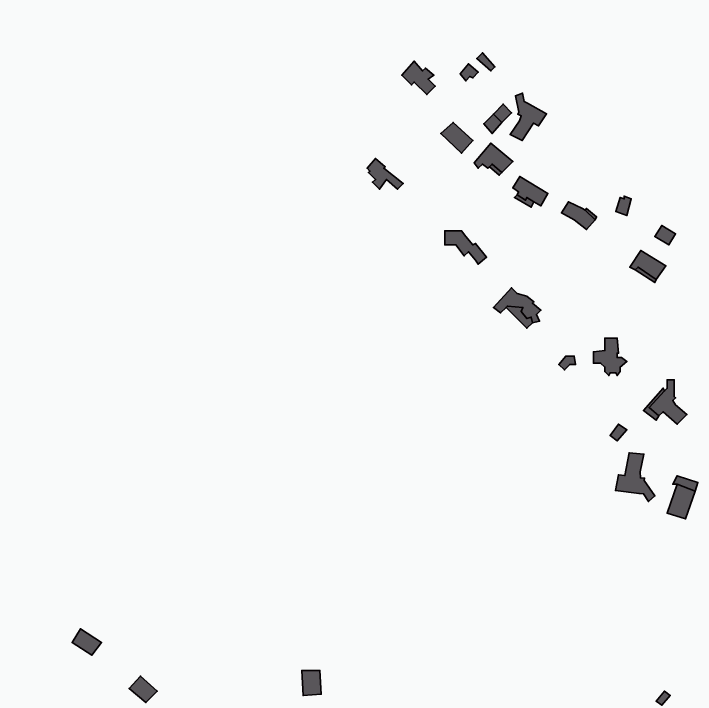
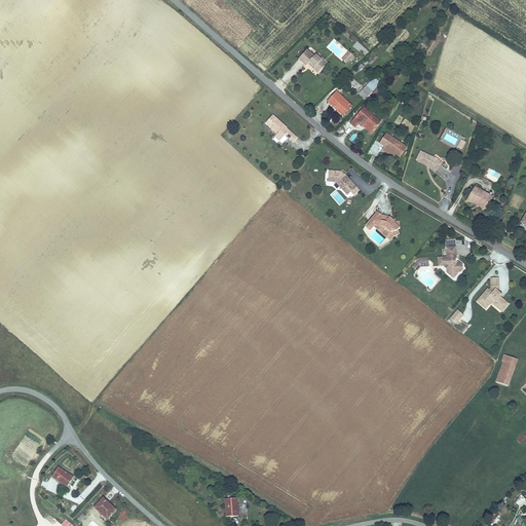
building: [510,93,546,141] -> none
building: [615,453,655,502] -> none

